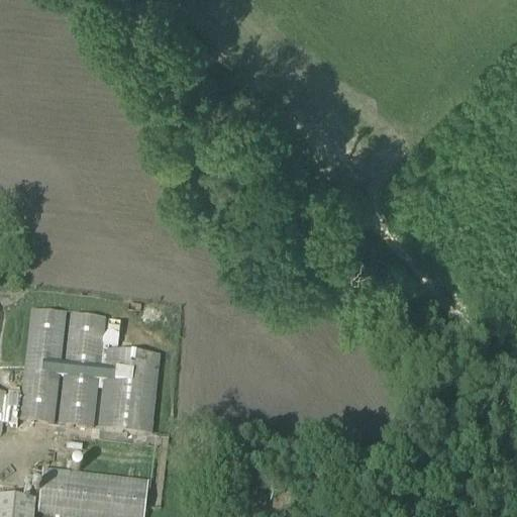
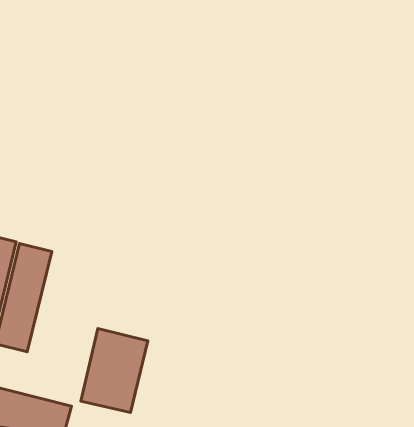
building: [98,348,161,433] -> [81,329,148,413]

